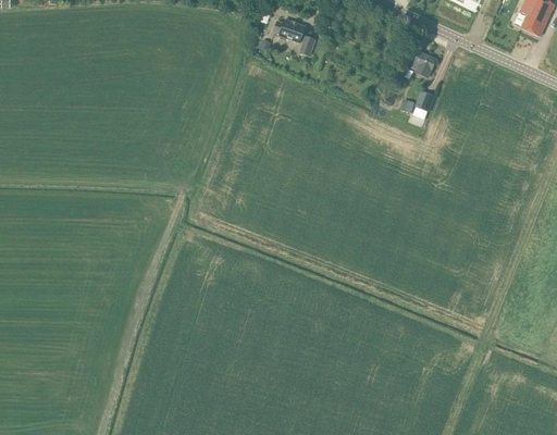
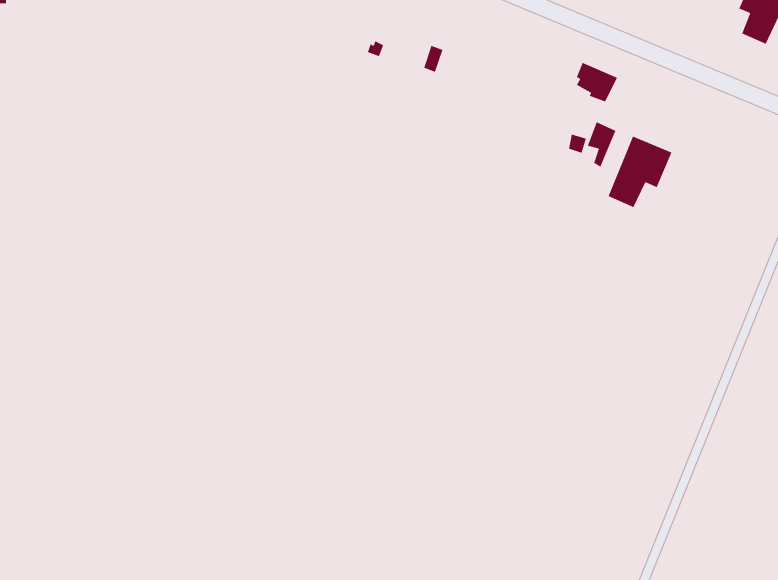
building: [274,21,306,42] -> none
building: none -> [607,136,673,208]

